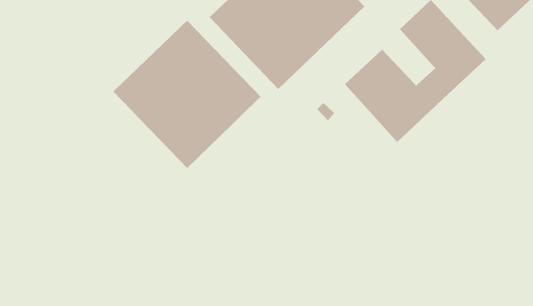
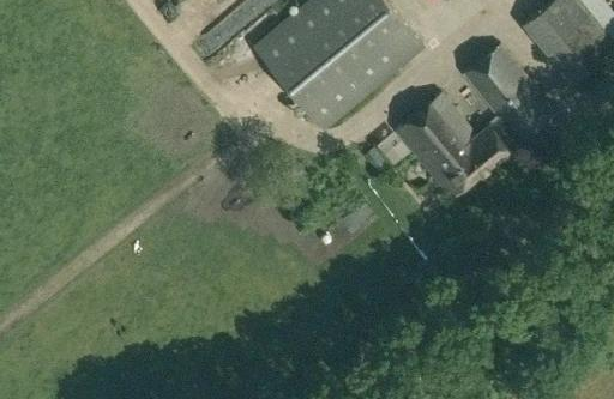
building: [113,20,262,169] -> none

